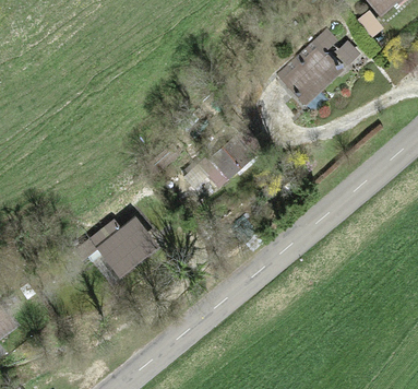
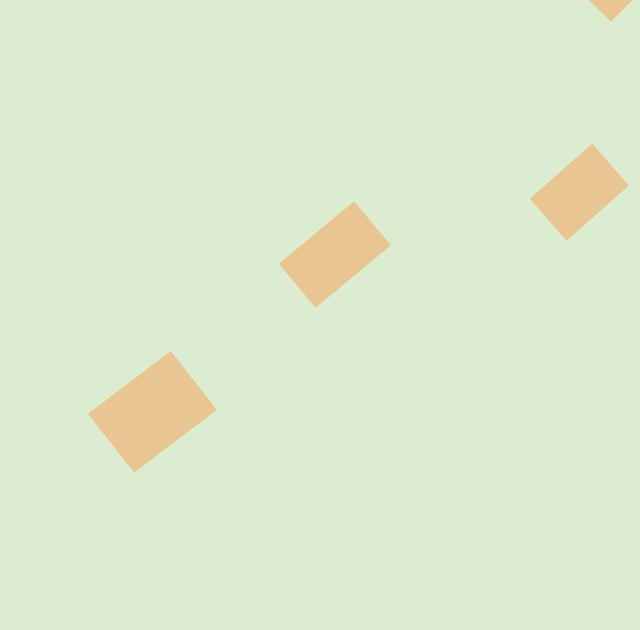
building: [283,45,342,103] -> [529,143,630,242]

